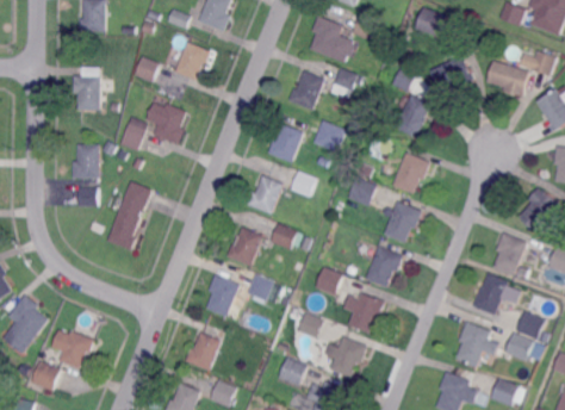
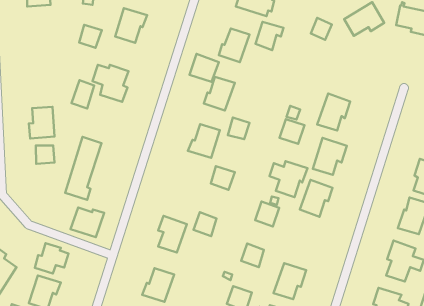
building: [73,66,98,108] -> none
building: [393,94,430,137] -> none
building: [312,119,346,151] -> [189,54,219,82]
building: [225,226,262,266] -> none
building: none -> [71,208,104,237]
building: [342,292,385,333] -> [270,161,308,197]
building: none -> [35,243,69,274]

